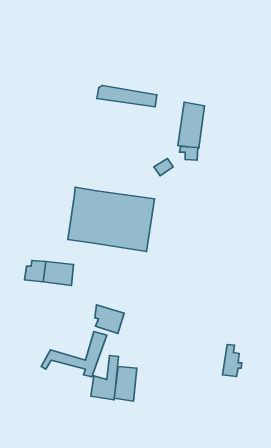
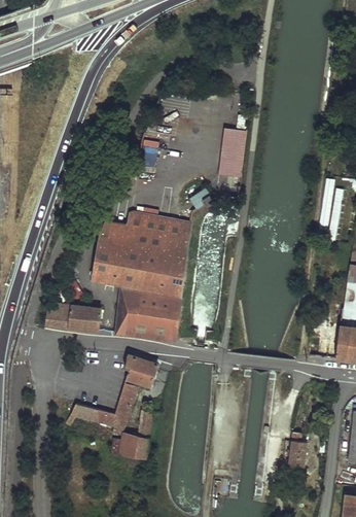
building: [97,86,157,107] -> [127,212,193,236]
building: none -> [115,285,182,342]
building: [223,344,242,377] -> [288,432,310,468]
building: [114,366,137,401] -> none

